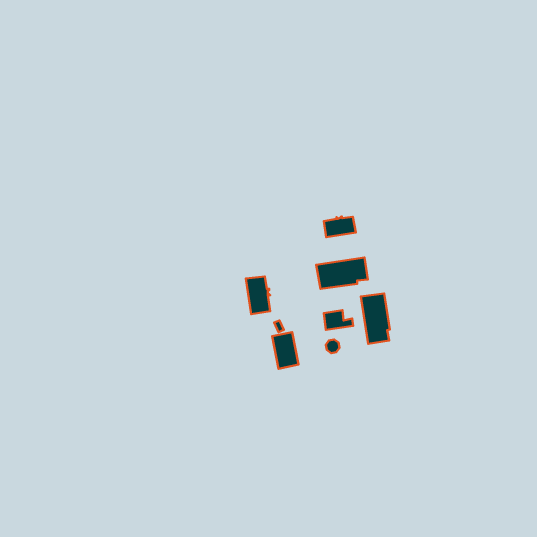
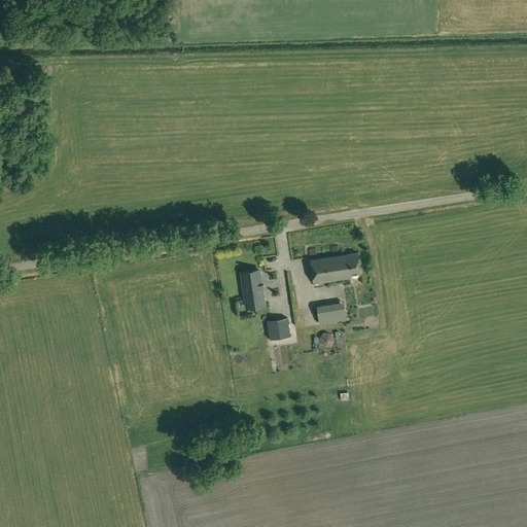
building: [324,217,356,237] -> none
building: [361,293,390,344] -> none

